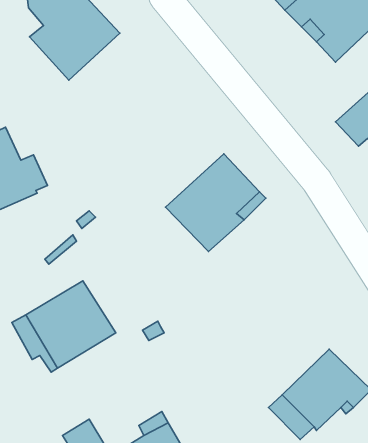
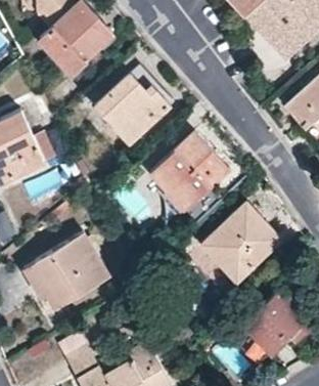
building: none -> [94,74,168,143]
building: none -> [201,203,281,282]

